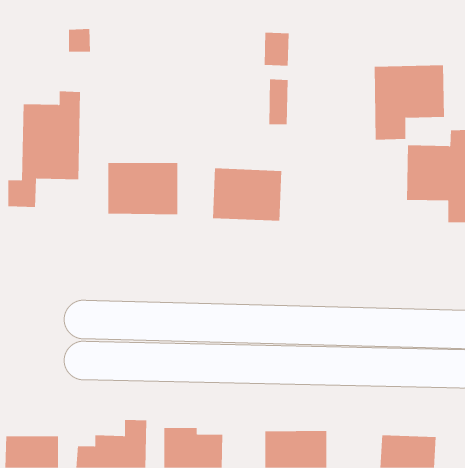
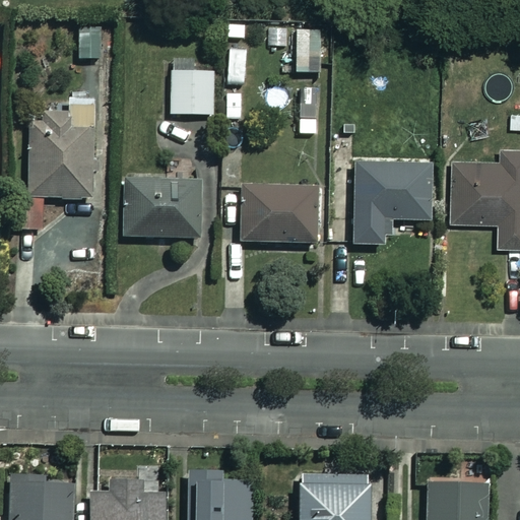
building: [374,65,445,140] -> [351,162,430,246]
building: none -> [172,73,216,115]

